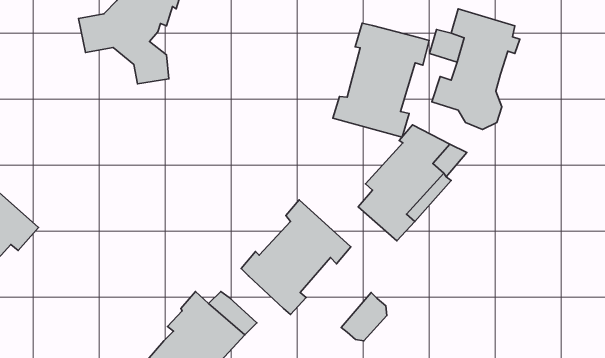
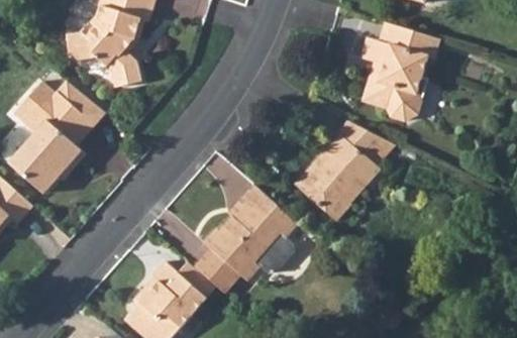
building: [333,23,429,137] -> none
building: none -> [9,81,94,192]
building: none -> [192,246,237,292]
building: [341,292,387,341] -> [251,231,290,271]

